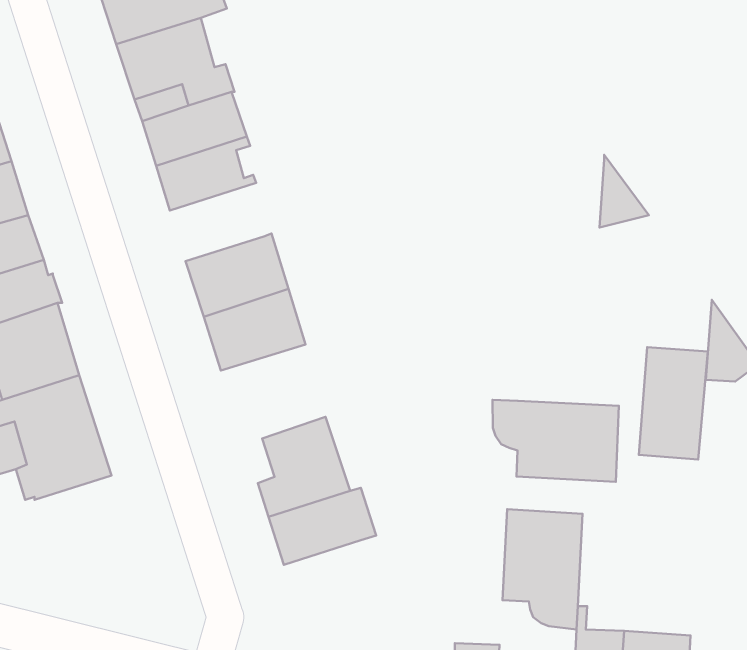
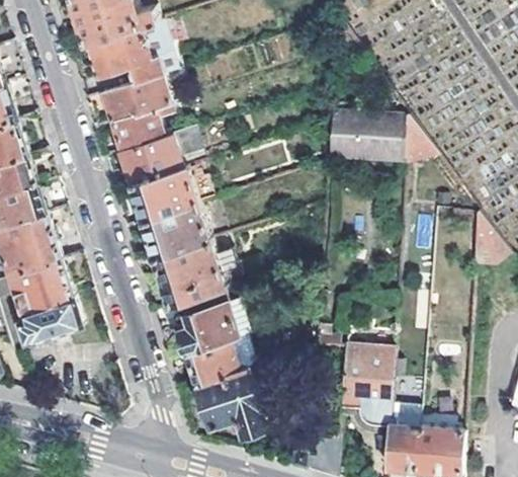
building: none -> [327,110,402,158]
building: none -> [119,126,199,182]
building: none -> [153,237,224,302]
building: [639,347,708,460] -> none
building: [492,400,619,482] -> none
building: none -> [194,366,264,431]

